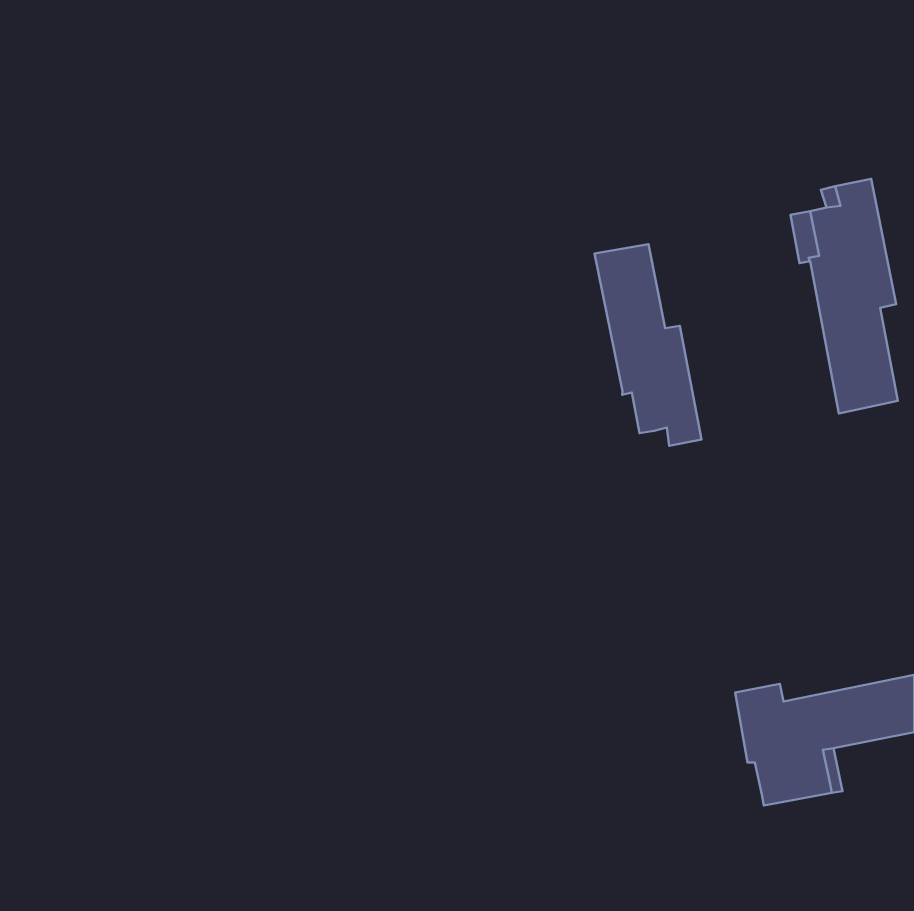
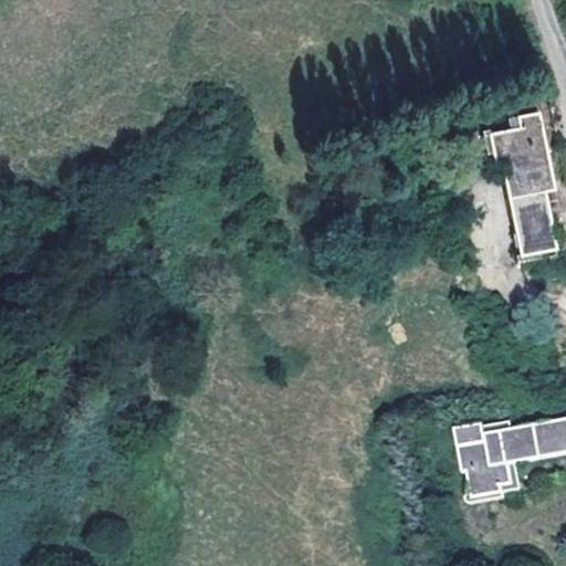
building: [595,244,702,446] -> none

